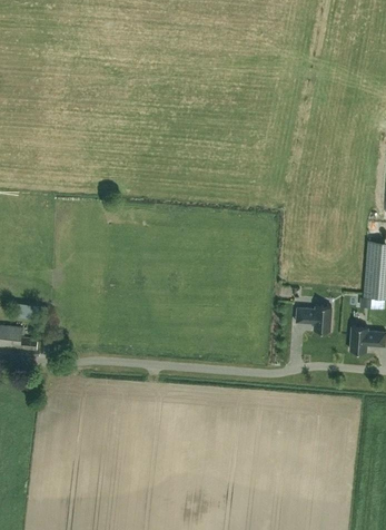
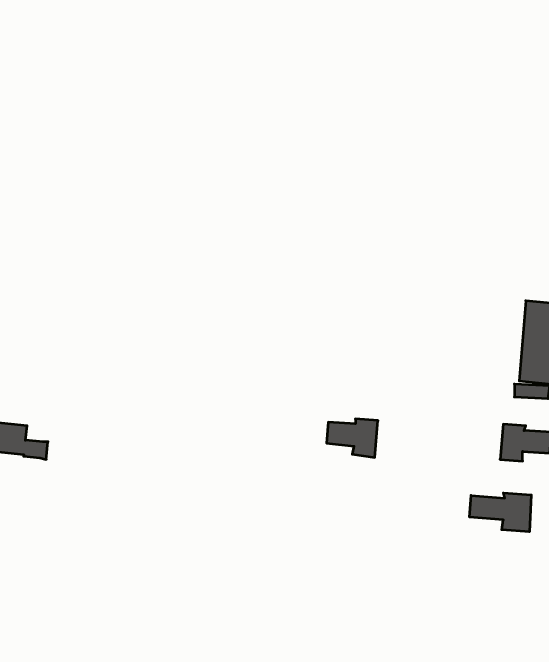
building: [295,306,330,333] -> [327,419,378,457]
building: none -> [470,493,531,532]

